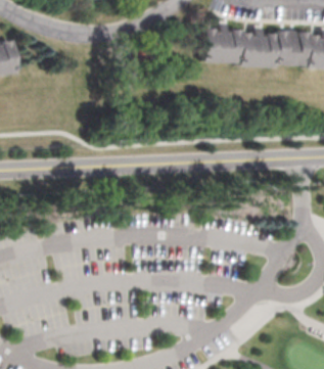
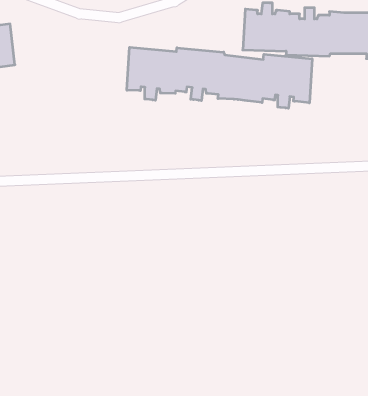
building: none -> [127,47,312,108]

